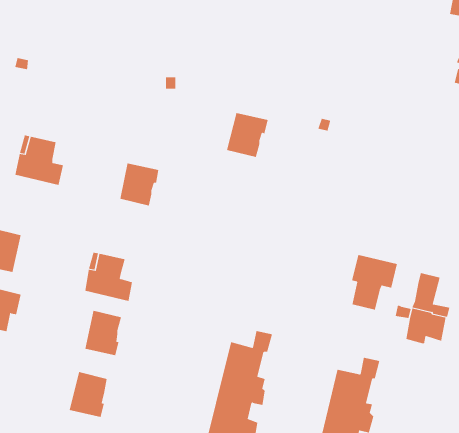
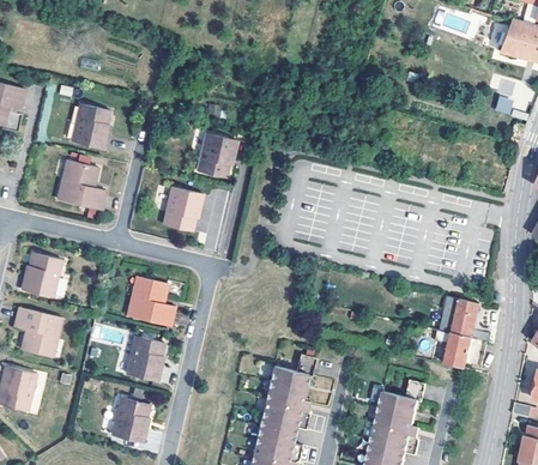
building: none -> [72,105,111,150]
building: [226,113,269,157] -> [194,134,236,179]
building: [352,254,397,311] -> none

